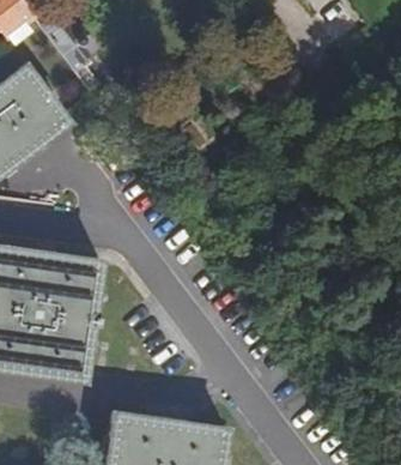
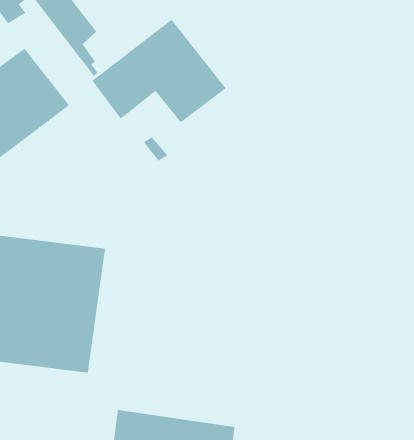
building: none -> [91,19,227,123]

